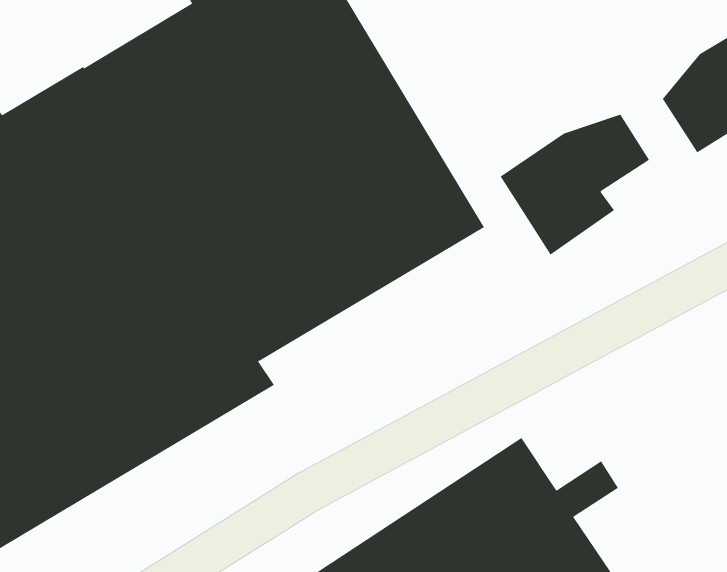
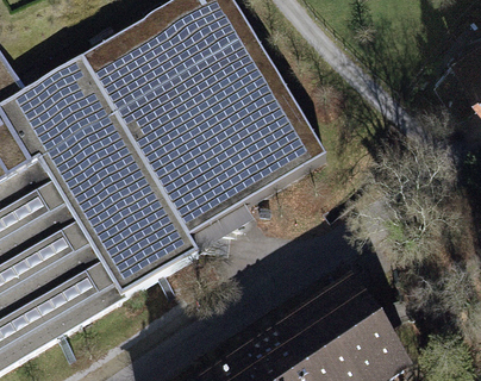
building: [500,114,650,255] -> none

